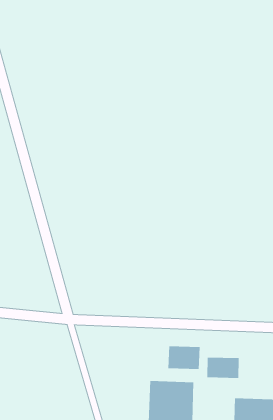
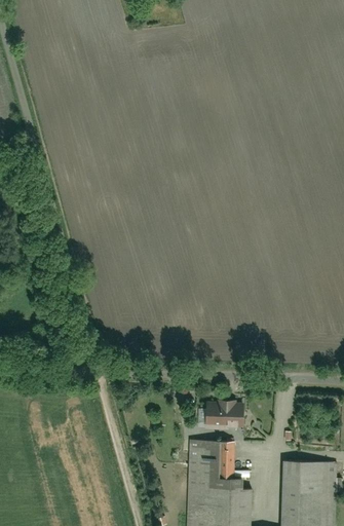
building: [207,357,239,379] -> none

